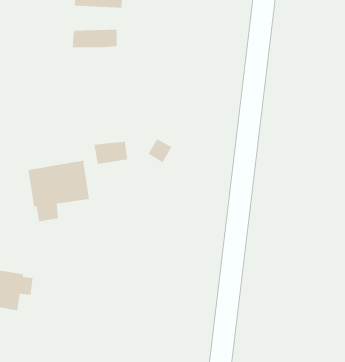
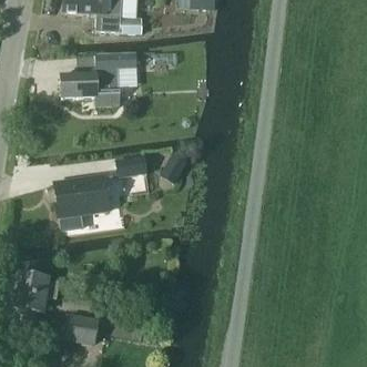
building: none -> [60,70,120,105]
building: none -> [62,314,99,345]

